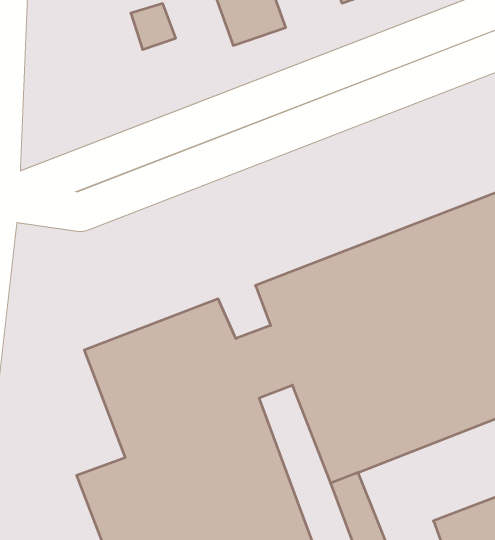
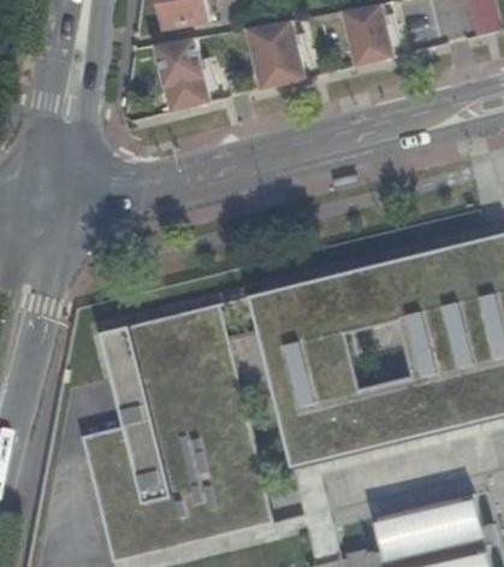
building: none -> [165,54,214,112]

